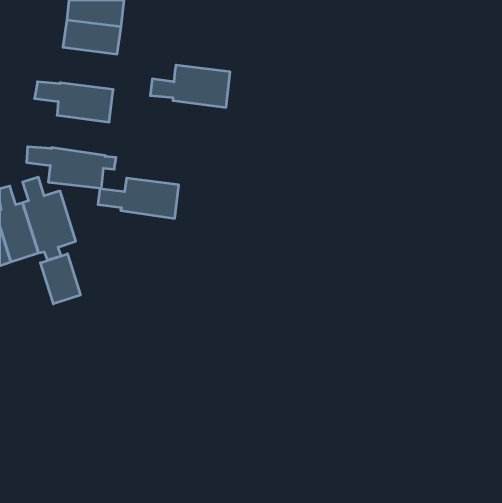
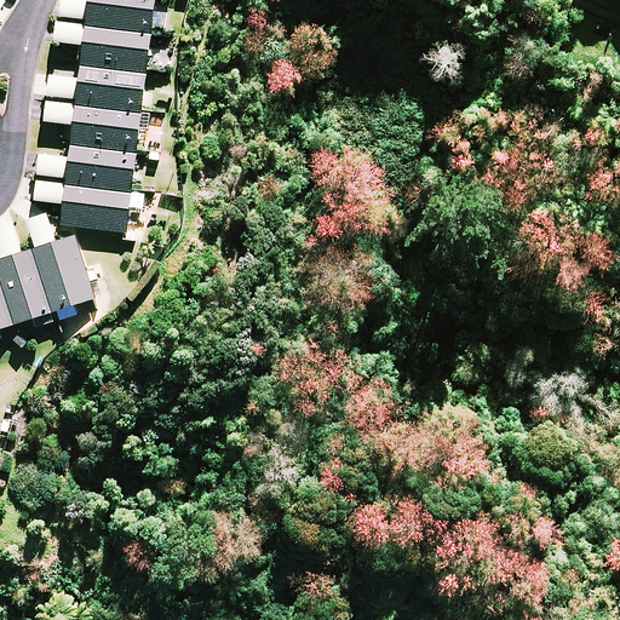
building: [150,65,230,107] -> [46,58,144,110]
building: [98,178,179,218] -> [35,142,134,191]
building: [40,254,80,304] -> none

